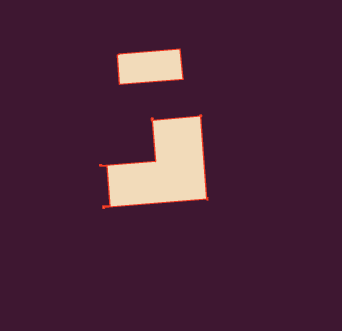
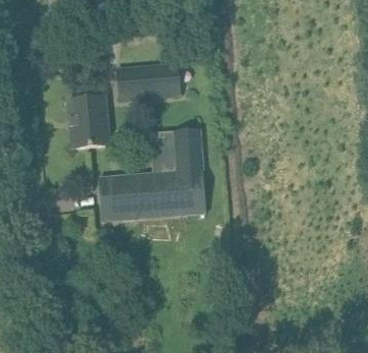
building: none -> [68,96,109,148]

